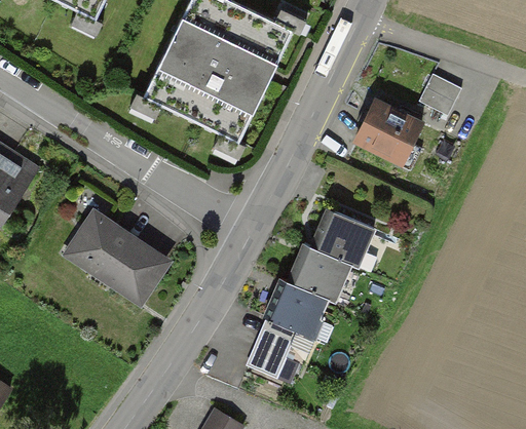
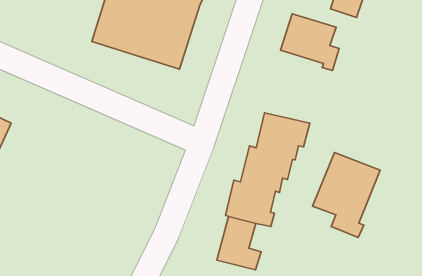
building: [69,212,166,299] -> none
building: none -> [312,152,380,238]

